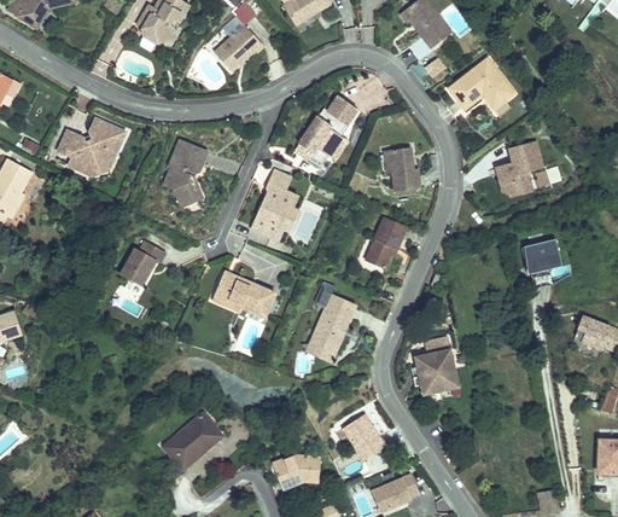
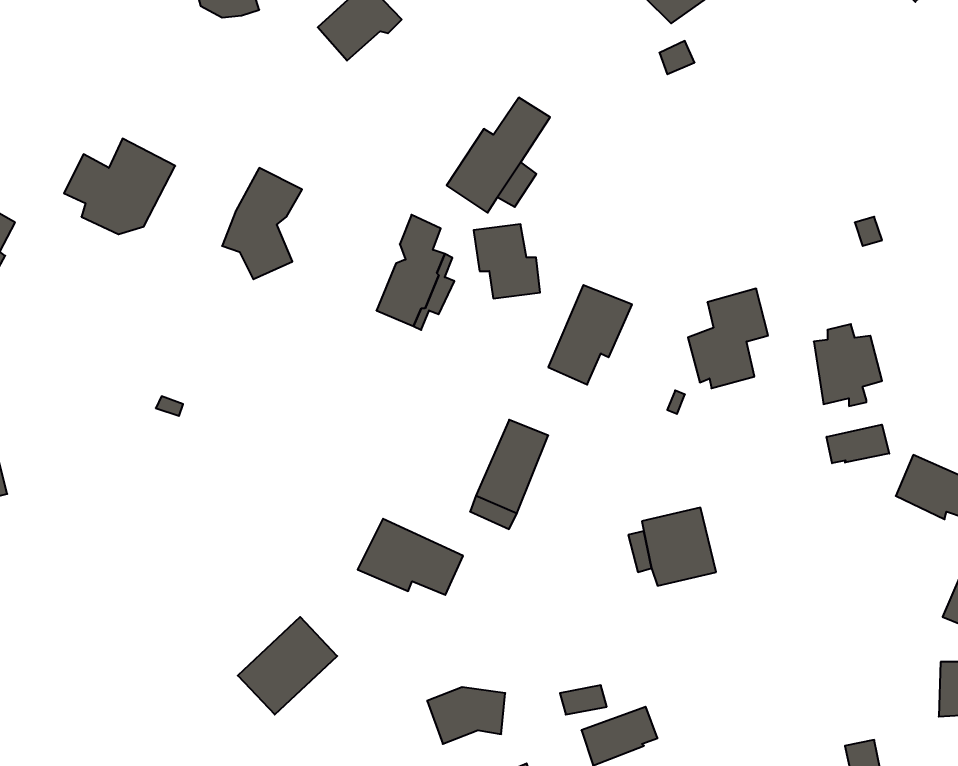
building: [449,58,517,114] -> none
building: [497,136,547,198] -> [688,289,768,388]
building: [381,143,422,188] -> [474,224,540,298]
building: [112,234,165,285] -> none
building: [211,268,276,315] -> [358,519,463,595]
building: none -> [827,425,889,463]
building: [345,412,387,458] -> none

